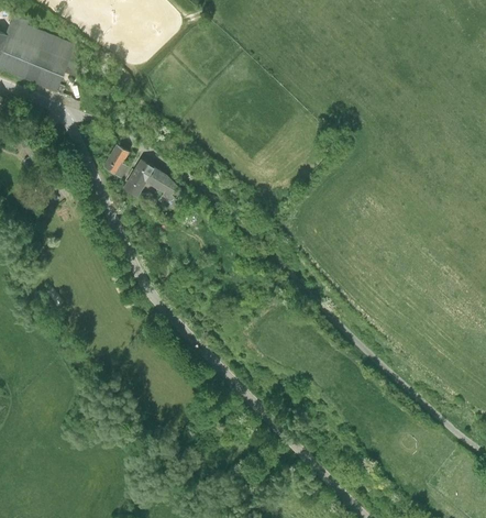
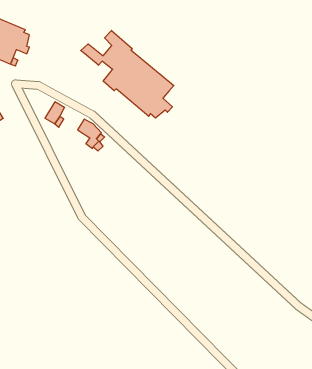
building: none -> [81,30,174,118]
building: [122,157,155,196] -> none

